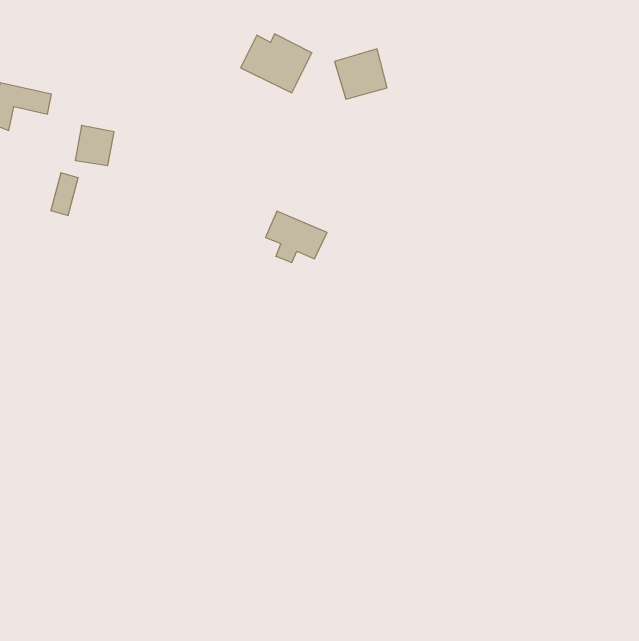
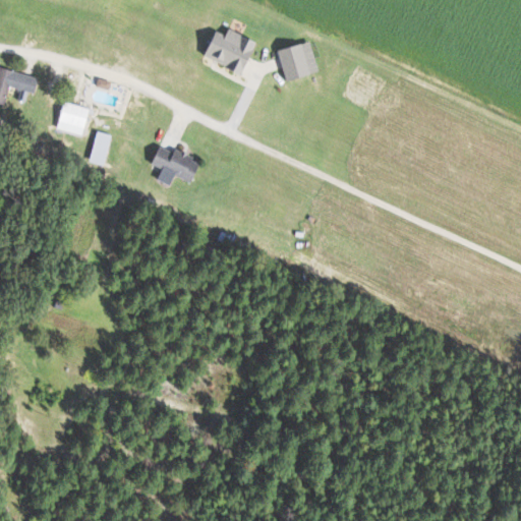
building: [51,173,78,215] -> [92,130,114,165]
building: [266,211,327,262] -> [144,143,194,185]

